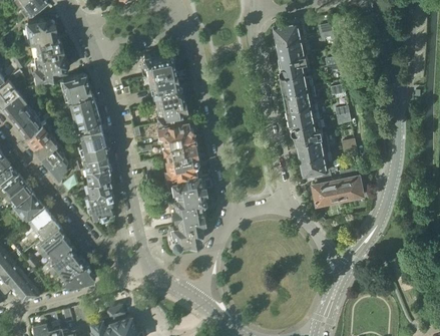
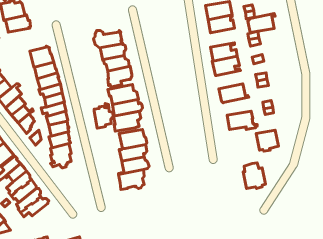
building: [33,53,69,88] -> none
building: [278,53,311,76] -> [248,14,275,33]
building: [288,104,320,126] -> none
building: [298,136,330,158] -> none
building: none -> [94,104,114,128]
building: [313,175,340,206] -> [243,163,266,188]
building: [63,265,94,289] -> none

